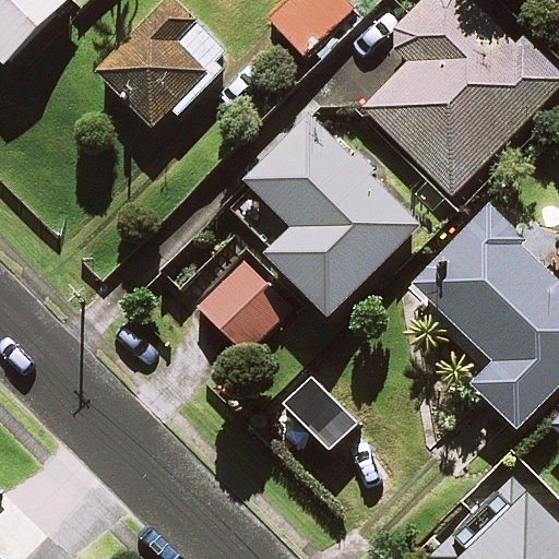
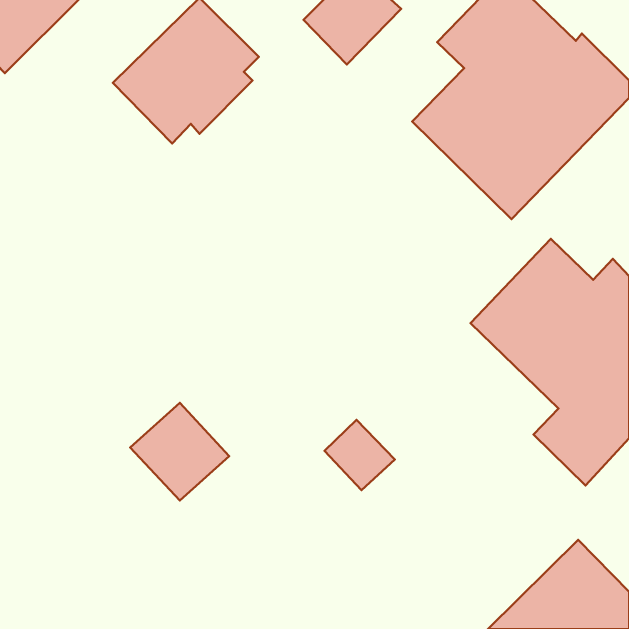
building: [231,118,418,314] -> none
building: [198,264,285,350] -> [130,403,229,501]

